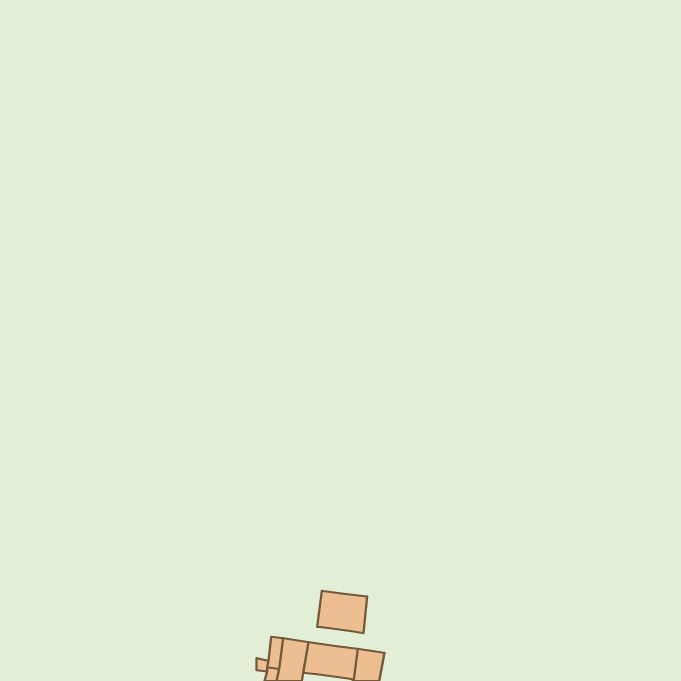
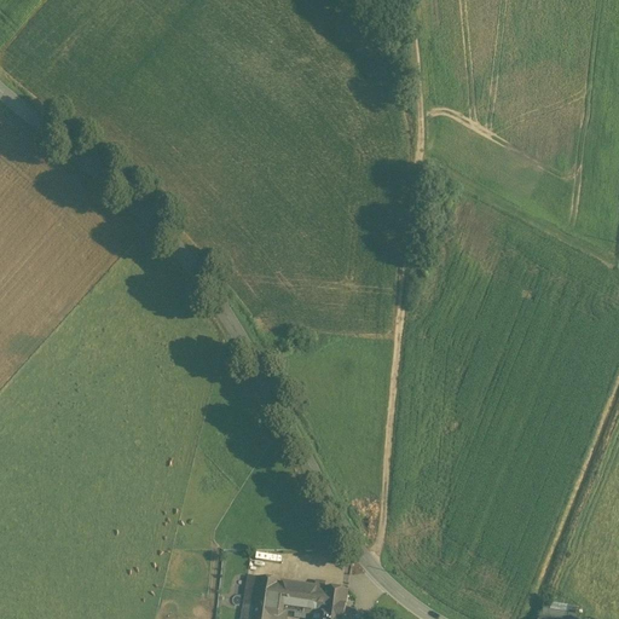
building: [317,591,367,633] -> none

